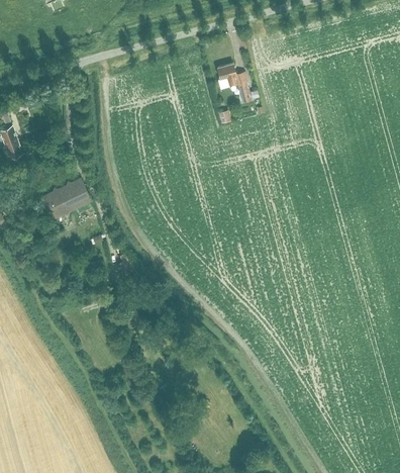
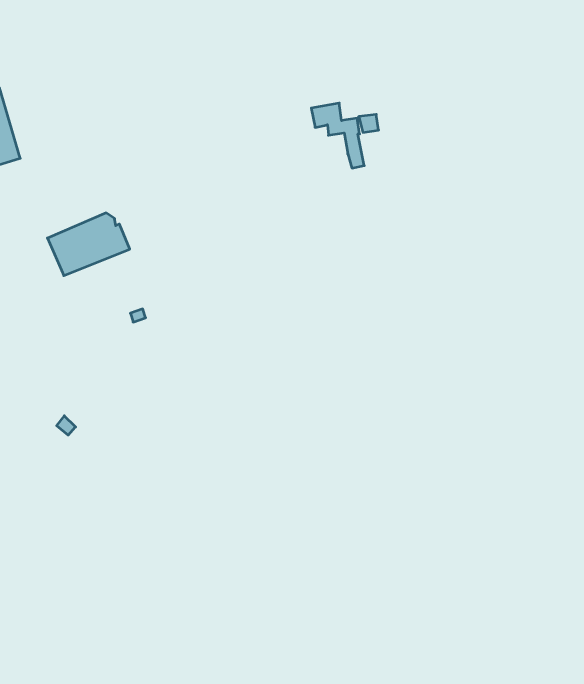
building: [217,65,251,102] -> [311,103,364,168]

